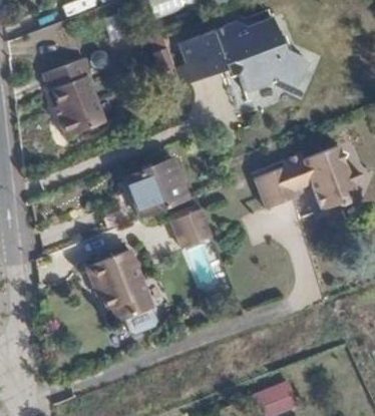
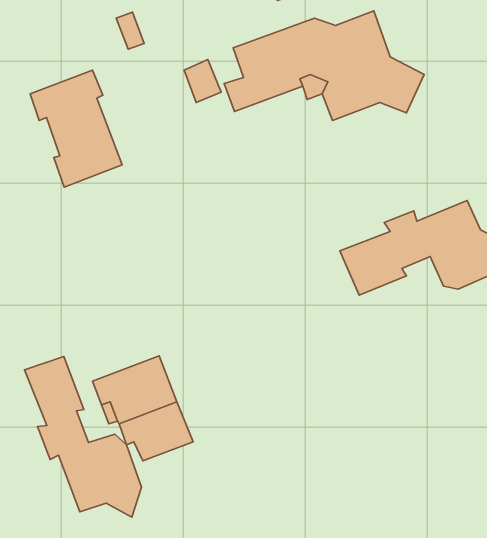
building: [122,159,185,220] -> none
building: [173,207,212,246] -> none
building: none -> [25,356,142,517]

